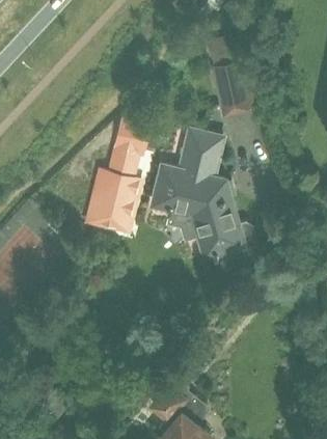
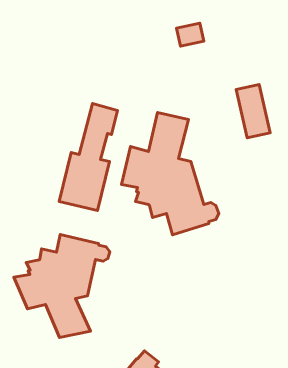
building: [213,64,248,119] -> [236,85,270,138]
building: none -> [14,235,110,337]

